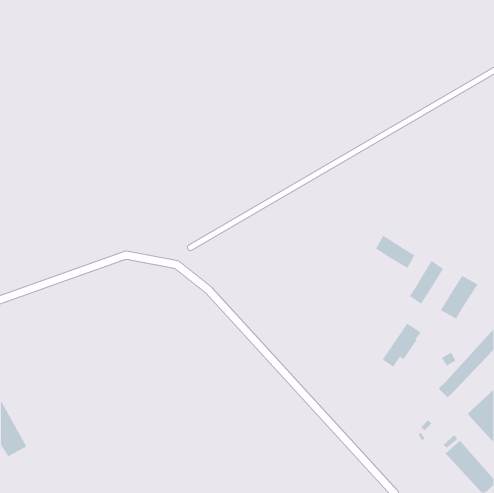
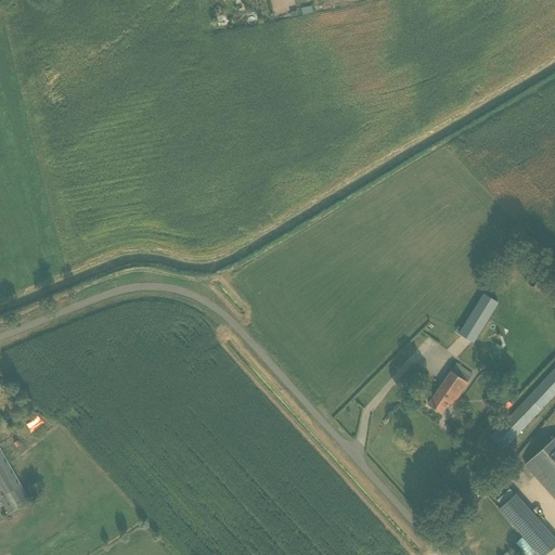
building: [375,235,415,269] -> none
building: [440,275,478,320] -> none

